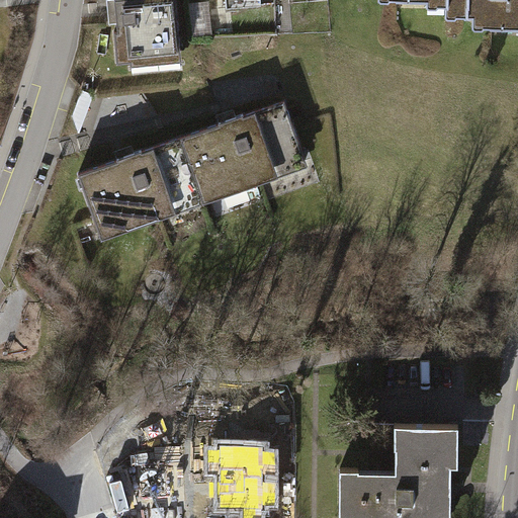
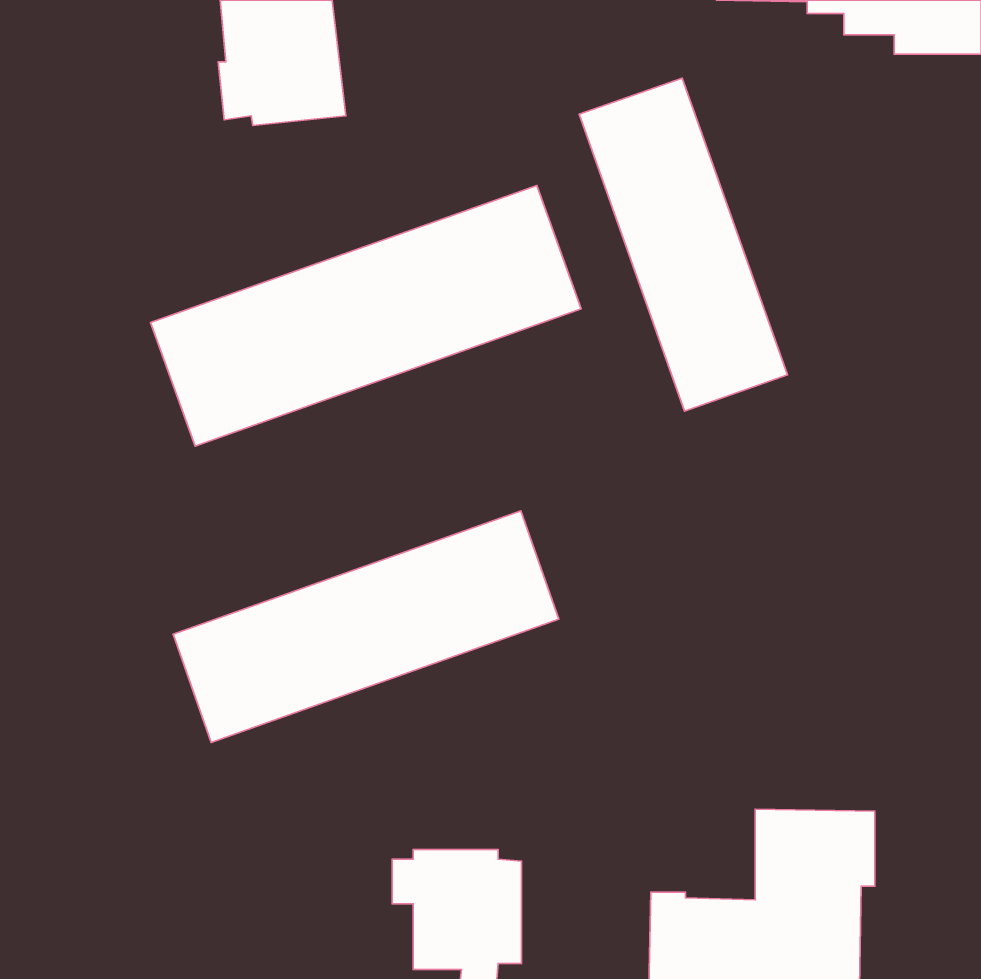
building: none -> [579,78,788,411]
building: none -> [173,511,559,743]

